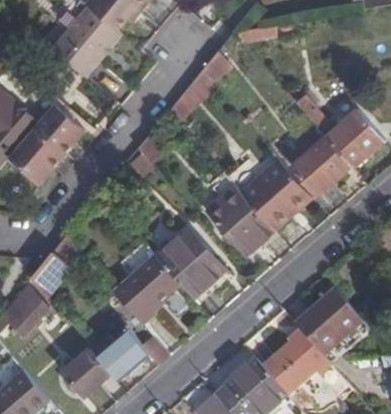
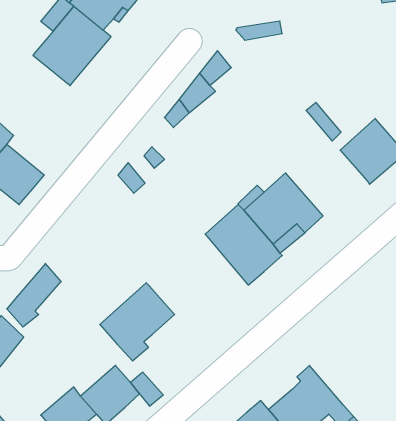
building: [27,88,85,160] -> none
building: [294,138,349,193] -> none
building: [156,229,223,297] -> none
building: [295,289,369,364] -> none

